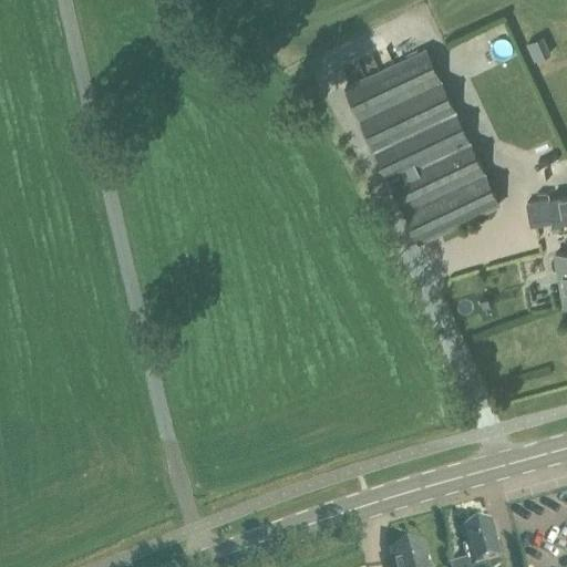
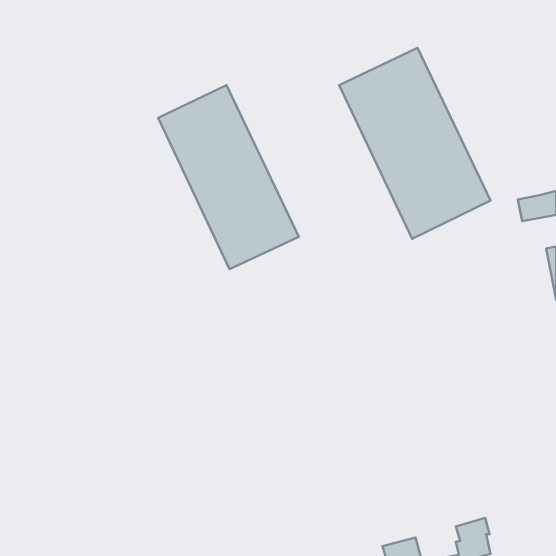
building: none -> [158,85,299,269]

